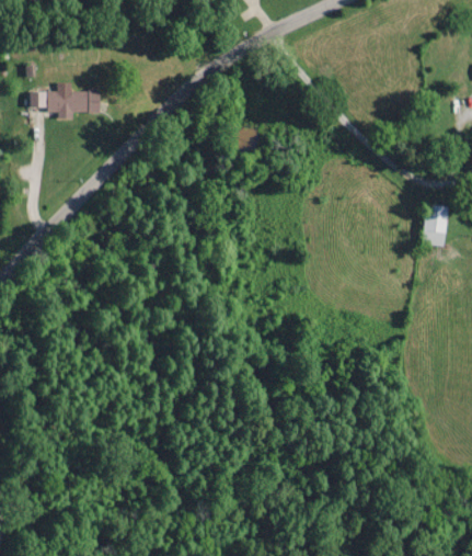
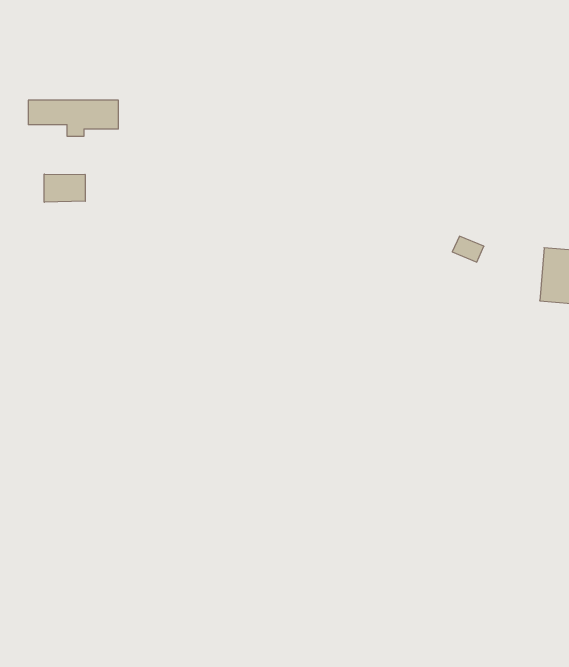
building: none -> [44,174,85,202]

